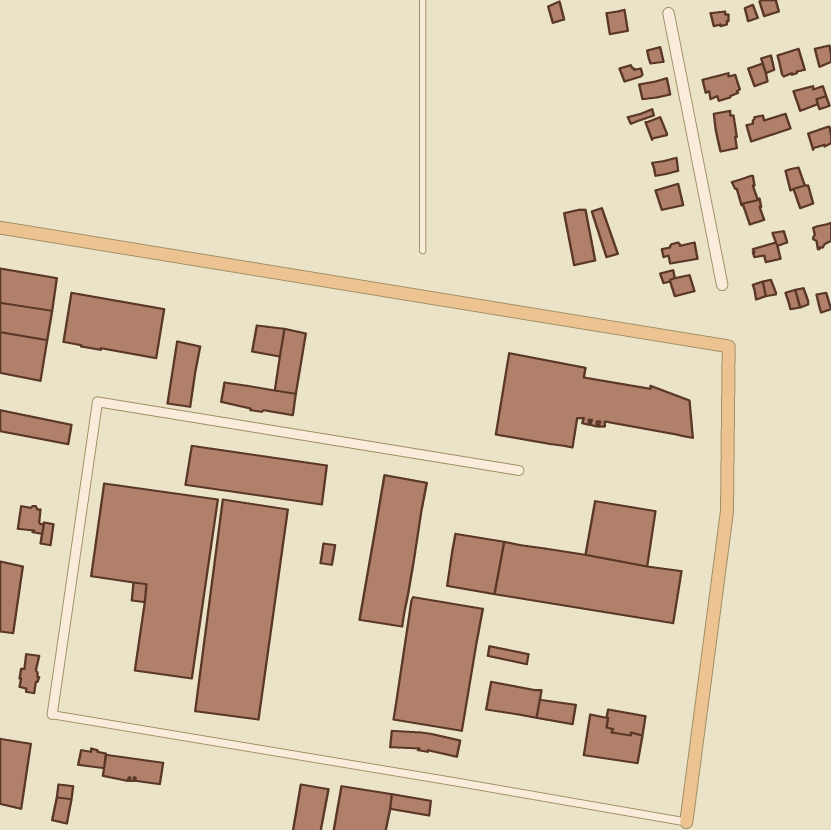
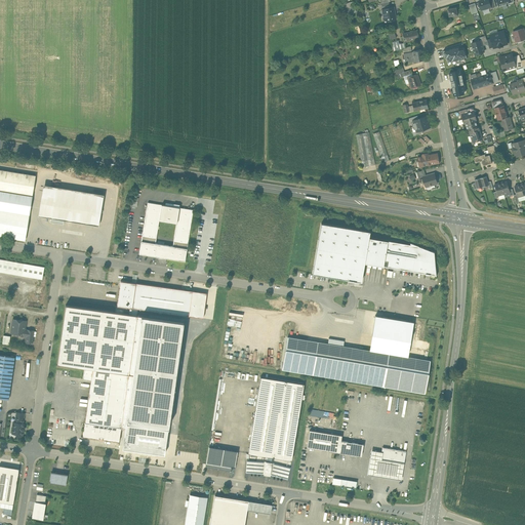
building: [167,342,200,407] -> [142,203,162,244]
building: [360,475,427,626] -> none
building: none -> [206,447,238,470]
building: [103,755,163,784] -> [83,423,121,442]

